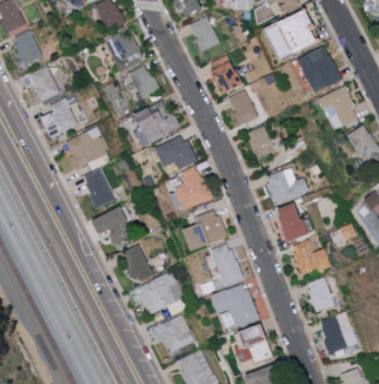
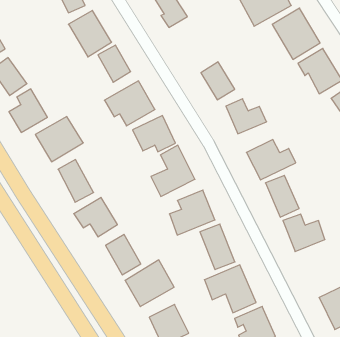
building: [209,53,241,93] -> none
building: [305,276,333,312] -> none

